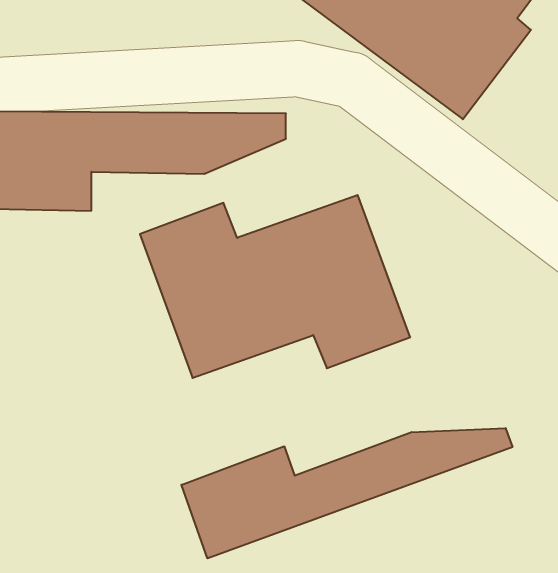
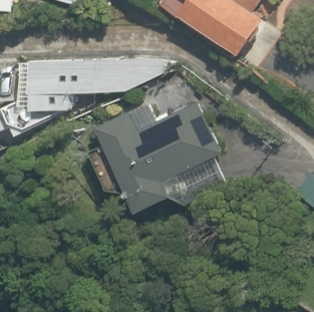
building: [181,428,512,558] -> none

